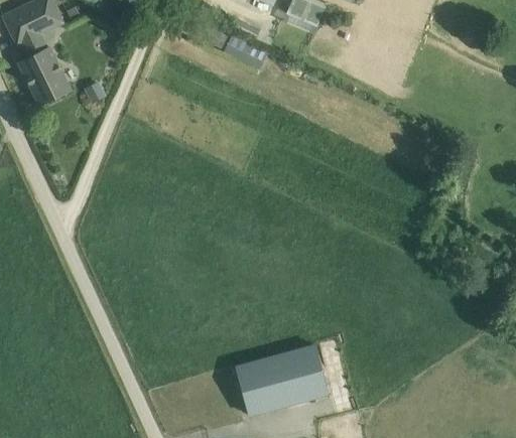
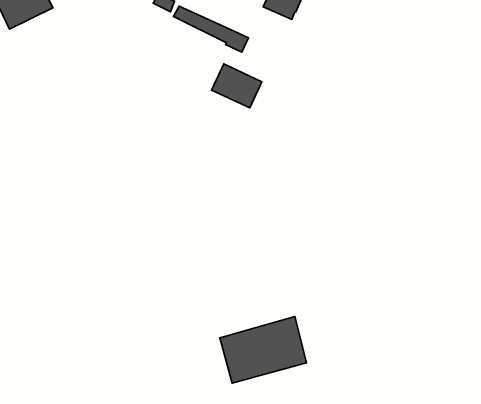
building: [18,33,70,105] -> none
building: none -> [212,64,262,108]

